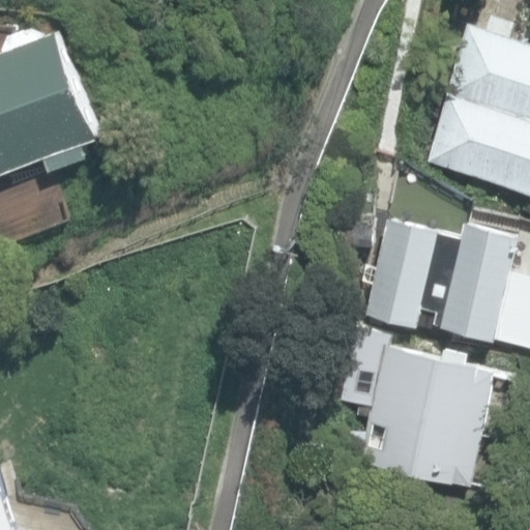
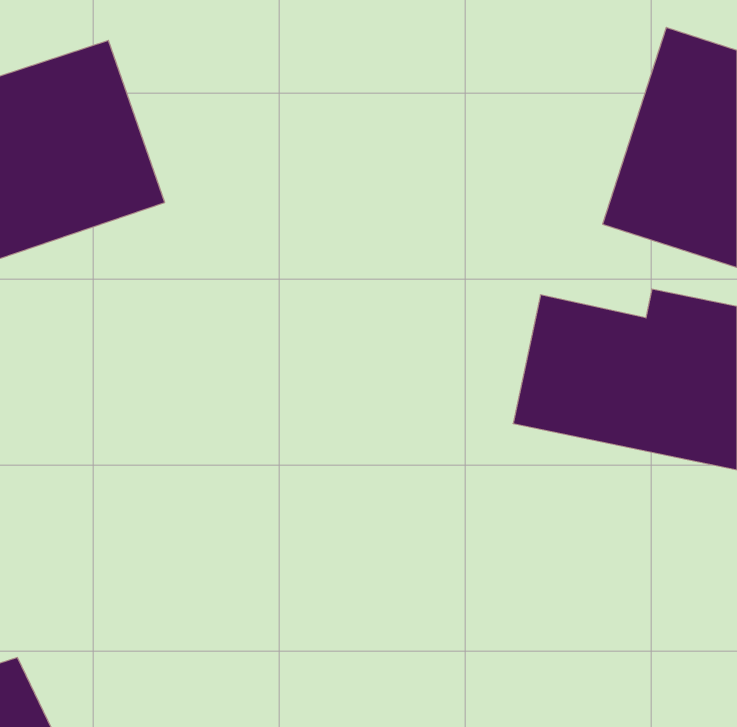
building: [326,333,497,491] -> none

